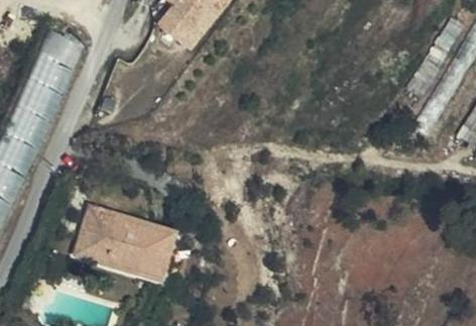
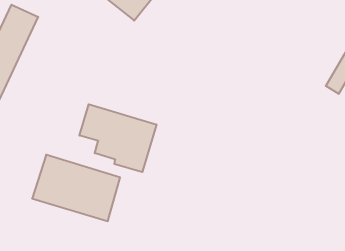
building: none -> [79,104,156,172]

